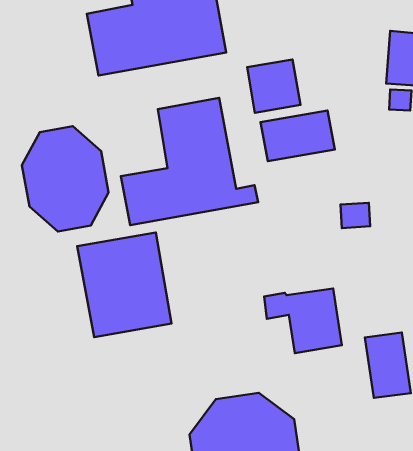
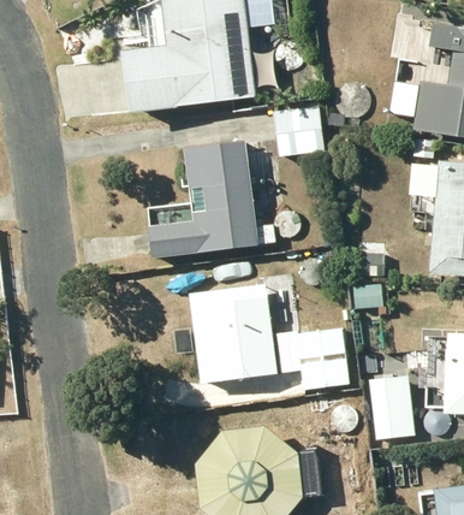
building: [261,110,335,161] -> none
building: [22,126,109,232] -> none
building: [77,233,172,337] -> [189,285,275,383]

